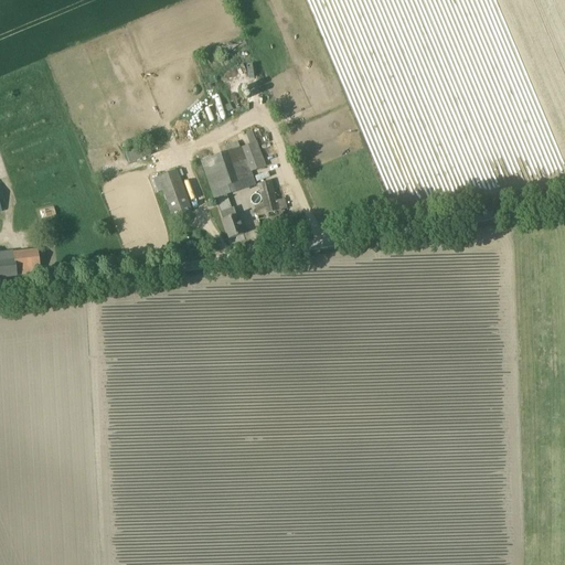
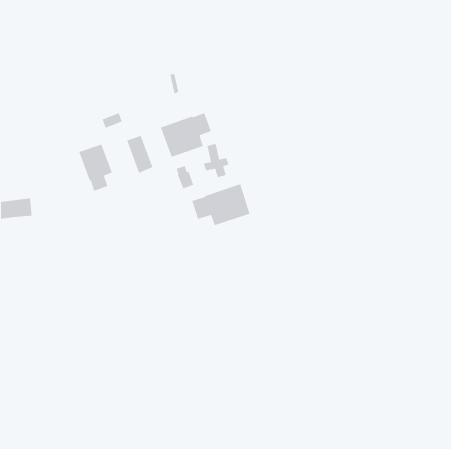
building: none -> [78,143,113,192]
building: none -> [191,183,251,226]

